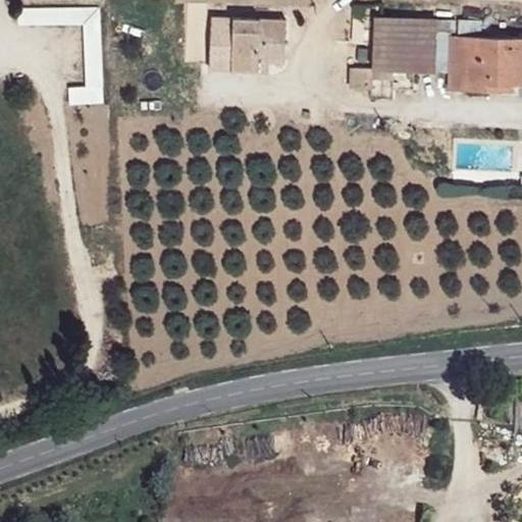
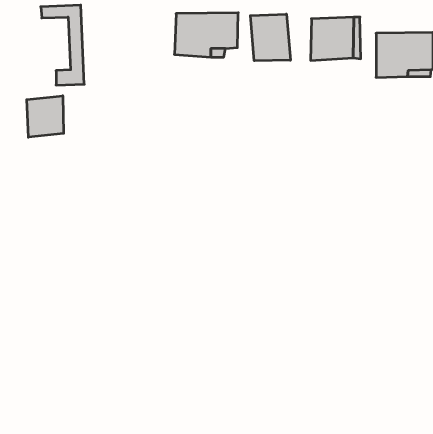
building: none -> [250,14,290,61]
building: none -> [27,96,64,137]

